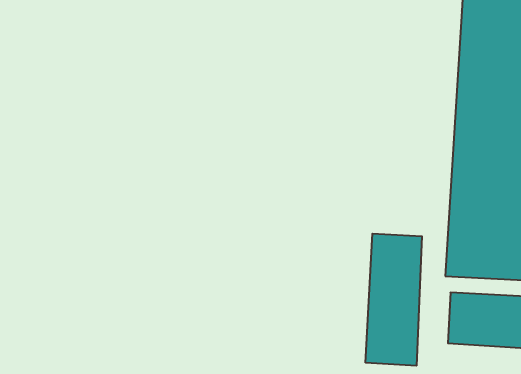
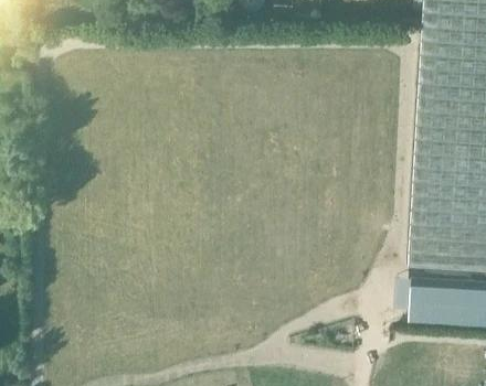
building: [366,234,422,366] -> none

